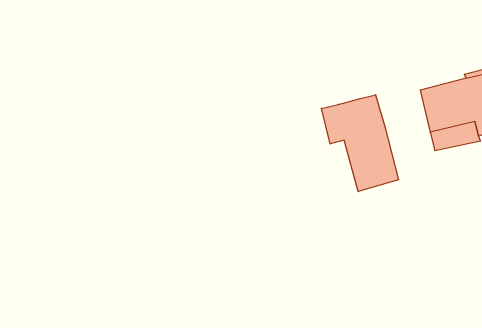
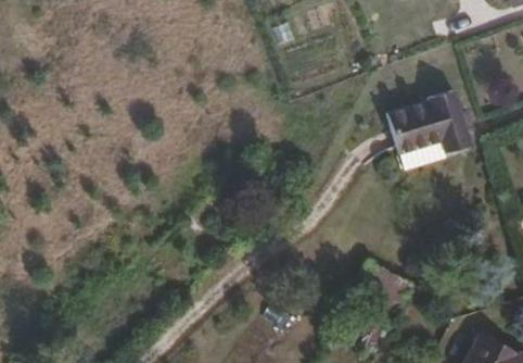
building: [321,95,399,192] -> none

